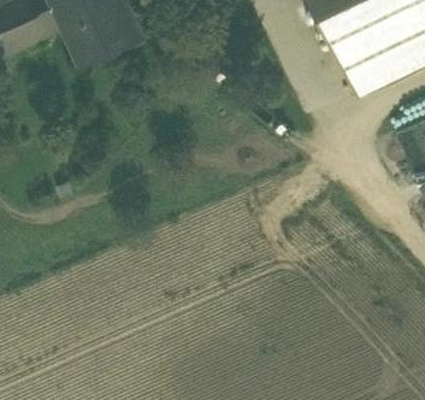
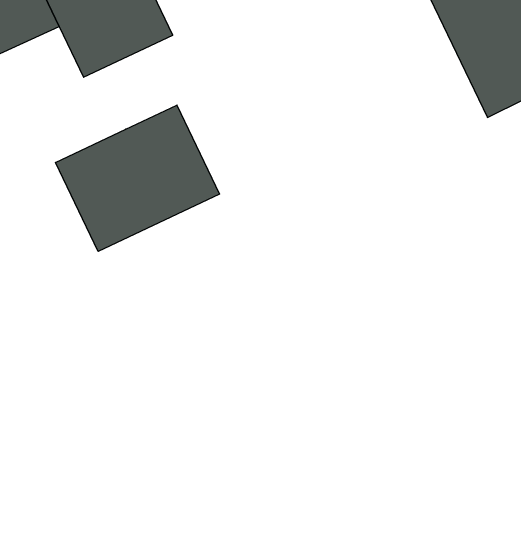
building: none -> [56,105,220,251]

